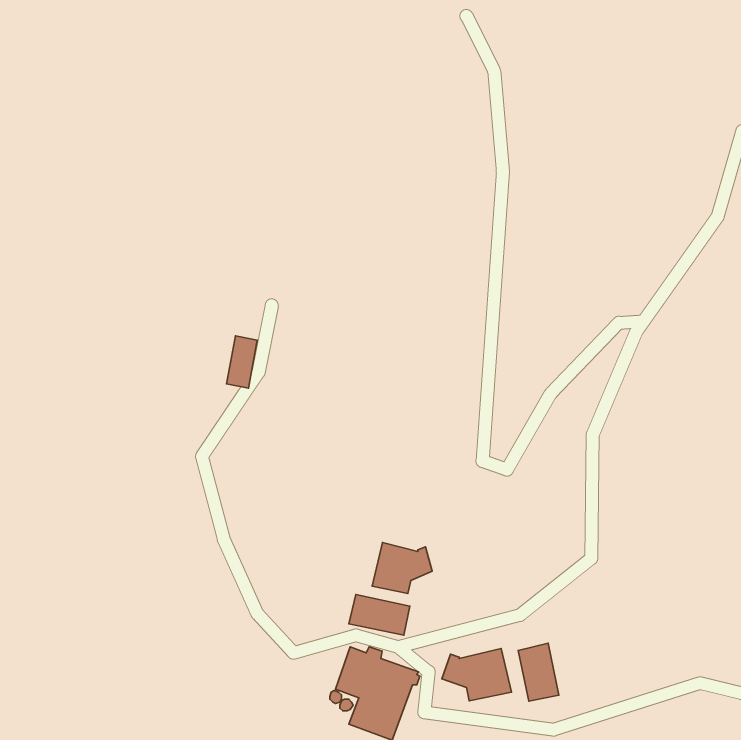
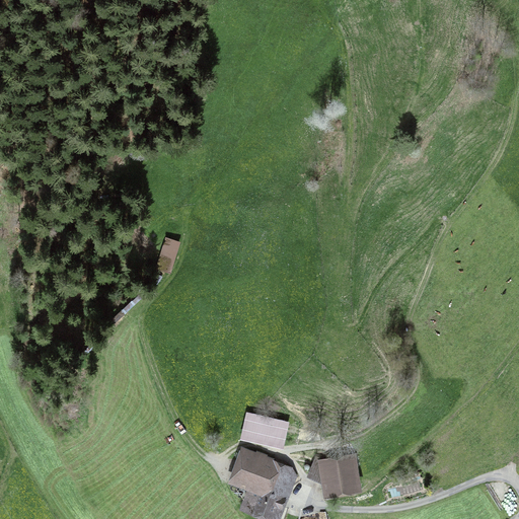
building: [372,542,432,594] -> none
building: [518,643,559,701] -> none

